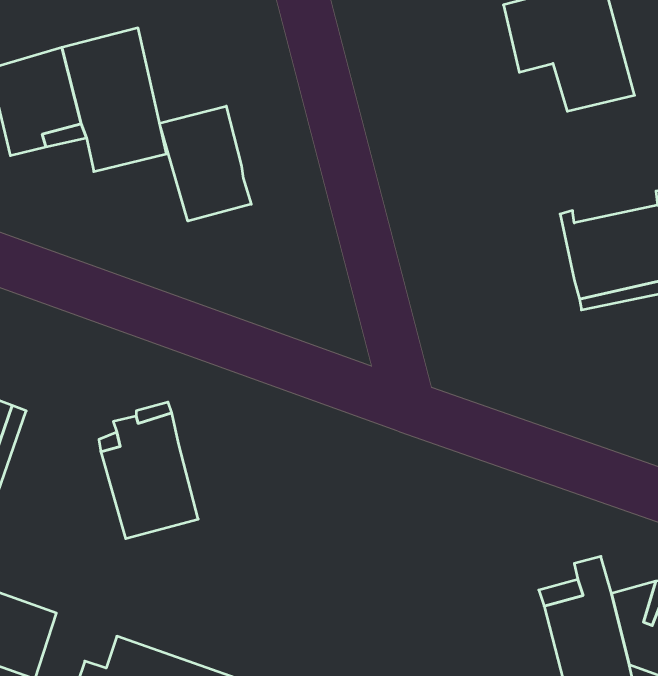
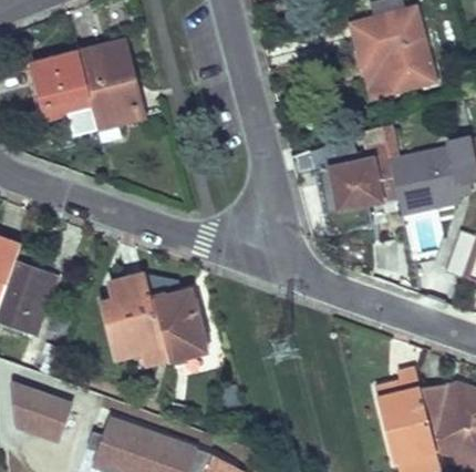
building: [159,106,251,221] -> none
building: none -> [330,155,397,208]
building: none -> [151,291,205,360]

